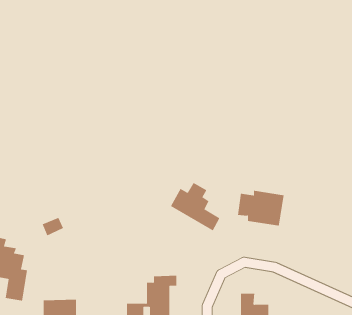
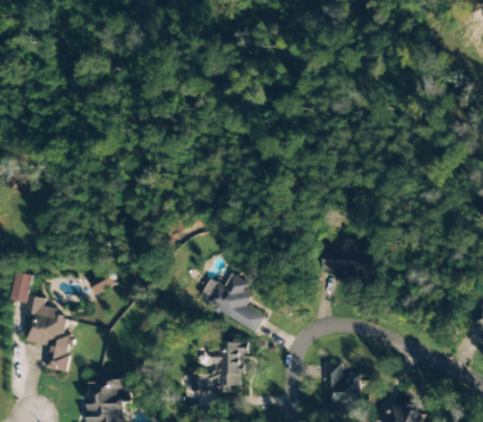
building: [170,182,220,231] -> [204,273,264,331]

